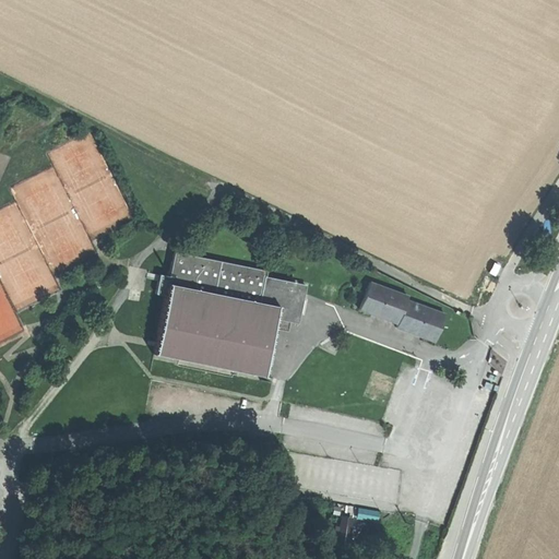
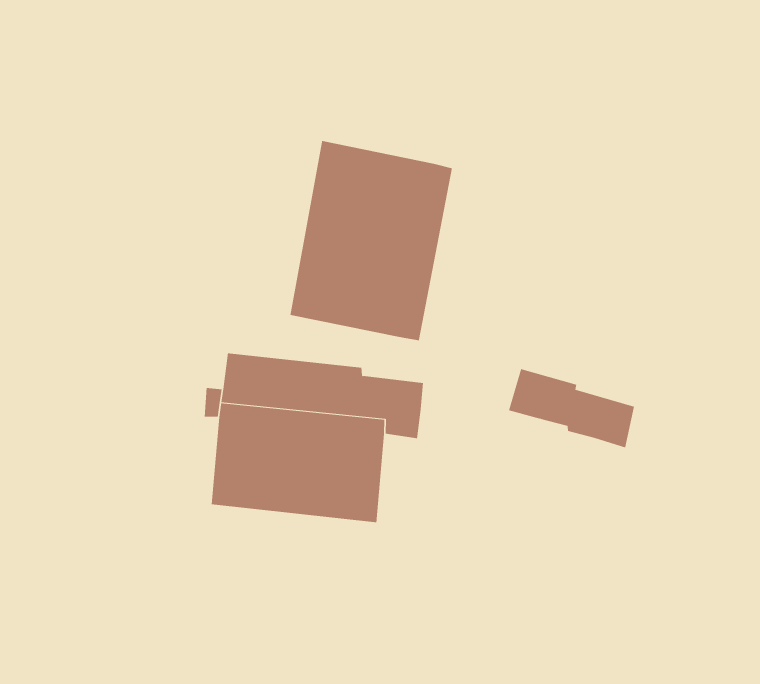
building: none -> [290,140,452,341]

